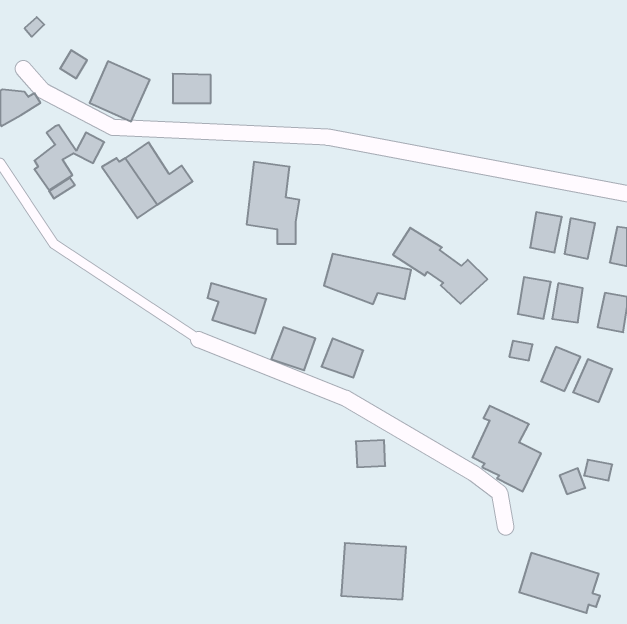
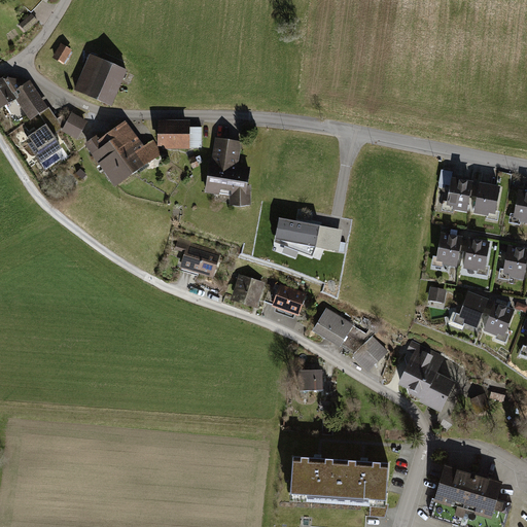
building: [173,74,211,103] -> [157,119,189,144]
building: none -> [17,86,46,116]
building: [393,228,487,304] -> [311,308,390,372]
building: none -> [338,459,391,519]

